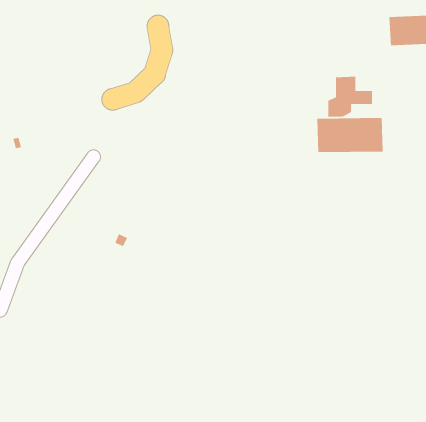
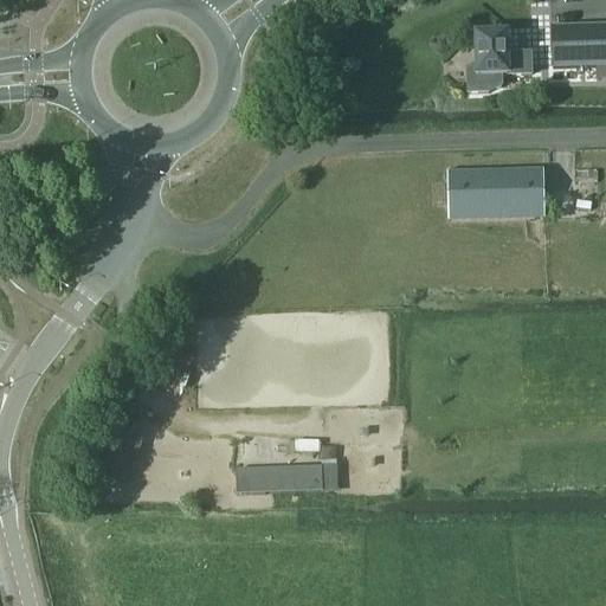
building: [328,76,373,117] -> [468,31,531,89]
building: none -> [237,464,322,491]

